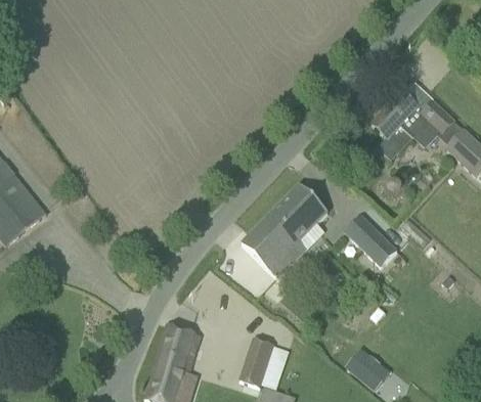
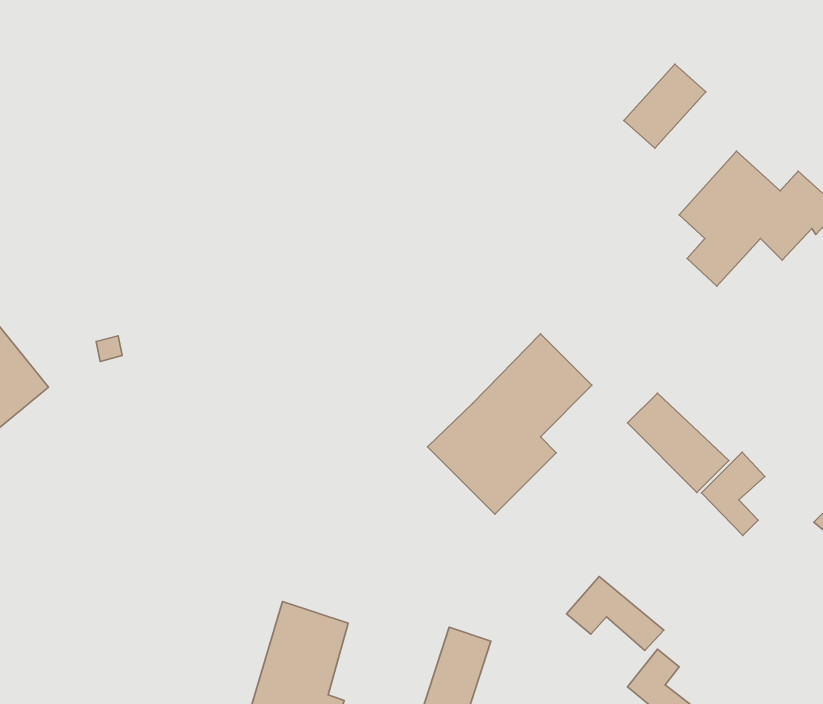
building: none -> [624,64,706,148]
building: none -> [701,452,765,535]
building: none -> [567,577,664,650]

